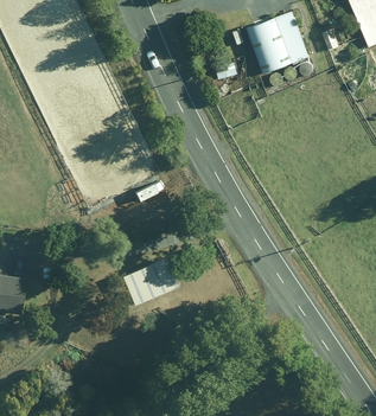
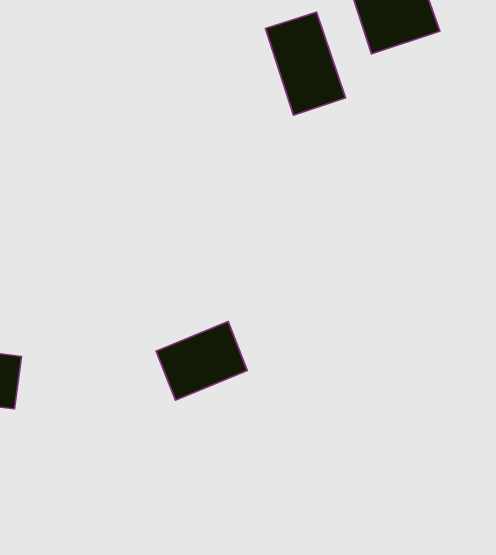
building: none -> [266,12,345,115]

